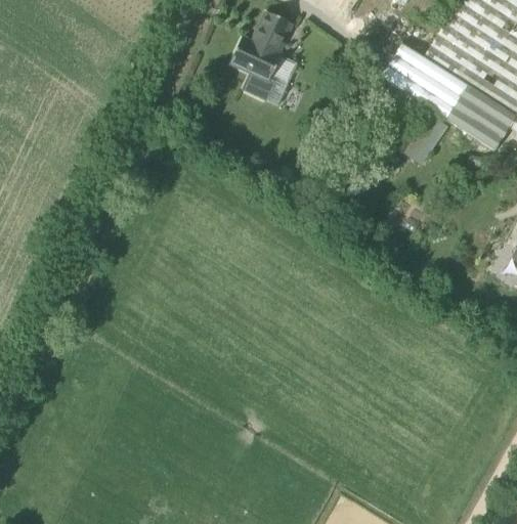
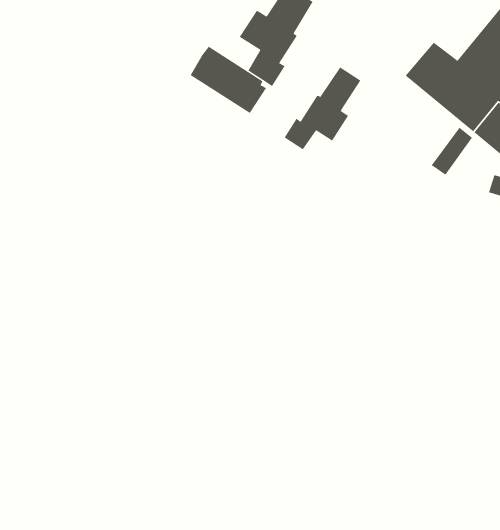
building: none -> [190,46,267,114]
building: none -> [284,67,361,150]

